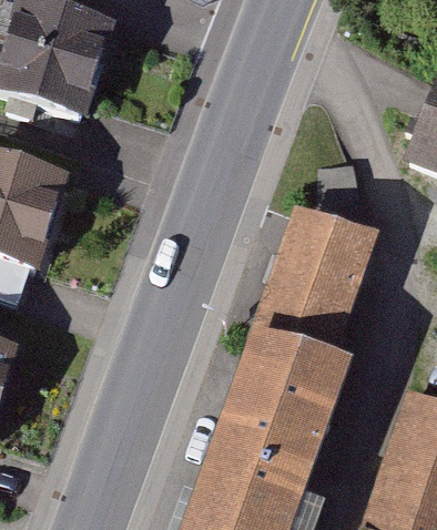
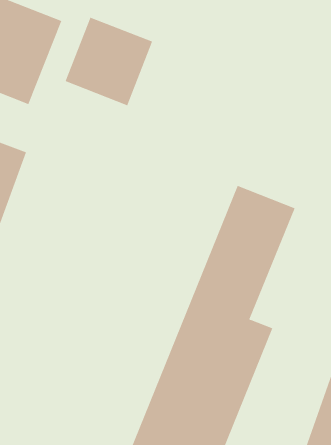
building: none -> [65,17,153,106]

